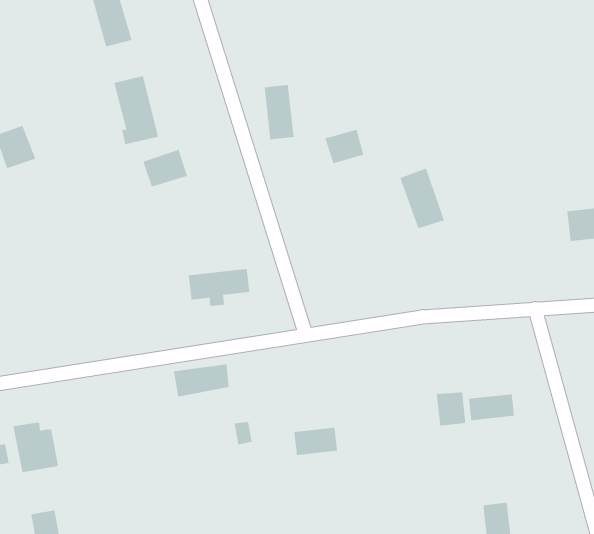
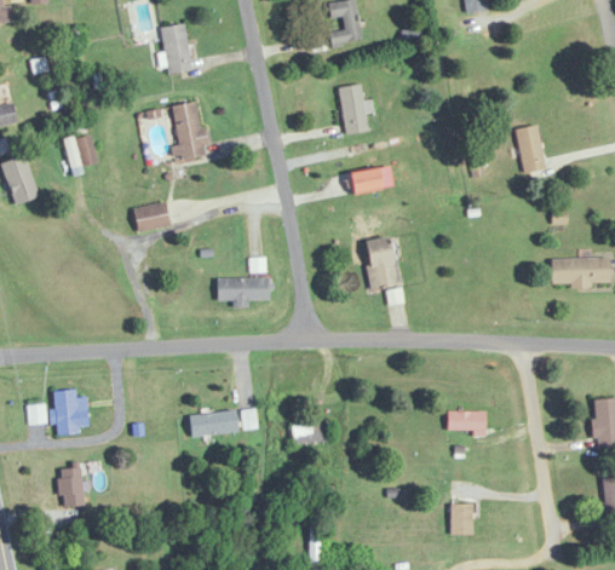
building: none -> [516,125,546,173]
building: [264,84,294,140] -> [343,86,364,132]
building: [143,149,188,187] -> [133,201,171,231]
building: [399,168,445,229] -> [363,236,398,288]
building: [173,364,230,397] -> [190,411,237,436]
building: [436,392,466,427] -> none

